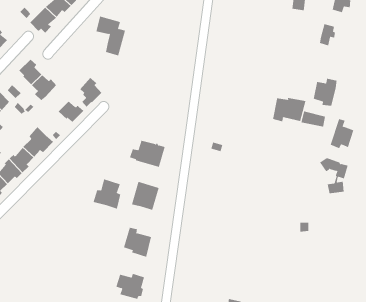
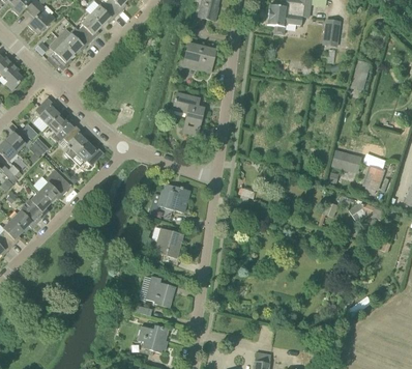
building: none -> [184,42,215,72]
building: [95,16,126,56] -> [172,92,204,135]
building: [80,77,102,108] -> [63,125,87,158]
building: [313,78,337,107] -> none
building: [272,97,306,122] -> none
building: [93,179,121,210] -> none

